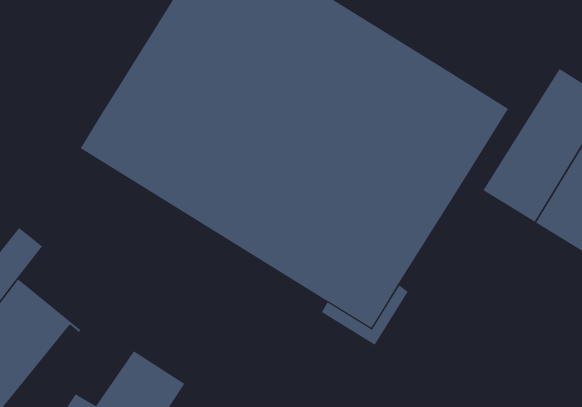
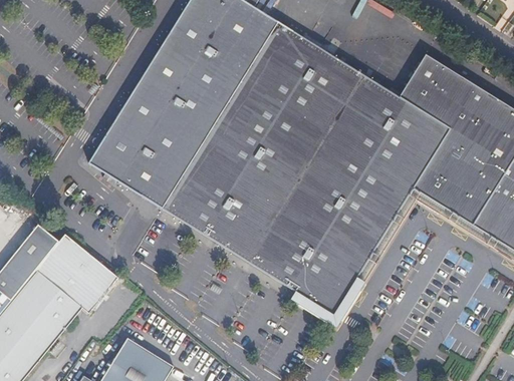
building: none -> [398,54,491,197]
building: none -> [36,237,116,314]

